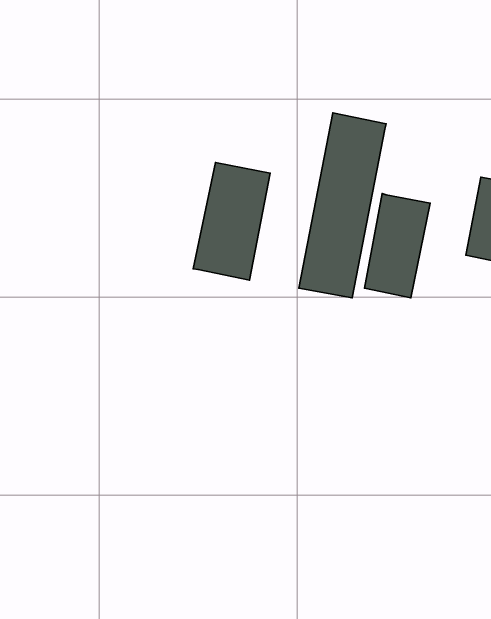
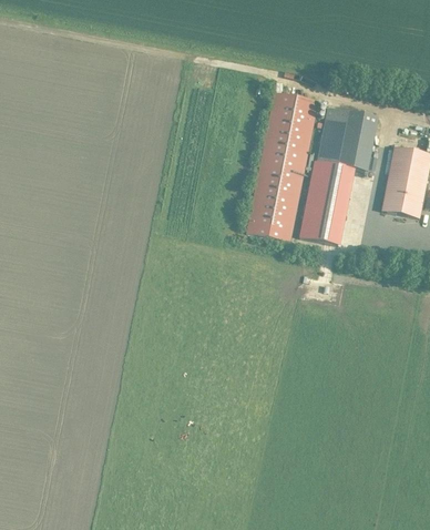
building: none -> [318,108,378,169]
building: [193,163,270,280] -> none

